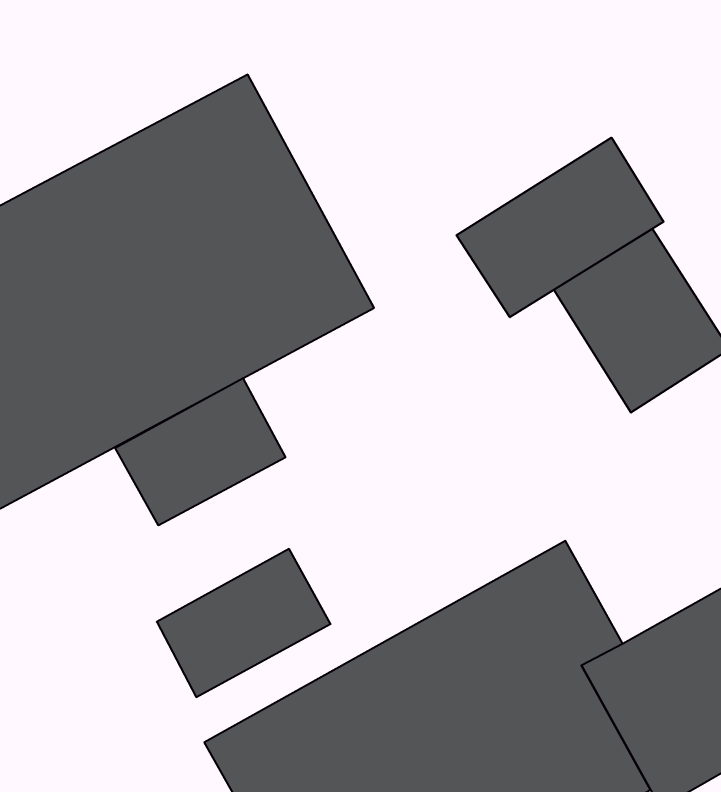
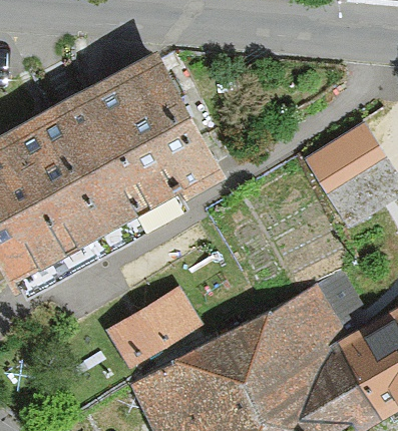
building: [457,138,664,317] -> none
building: [115,378,285,525] -> none

